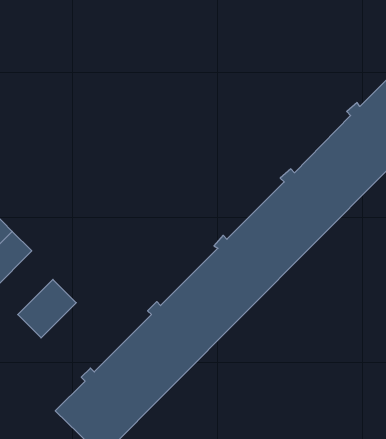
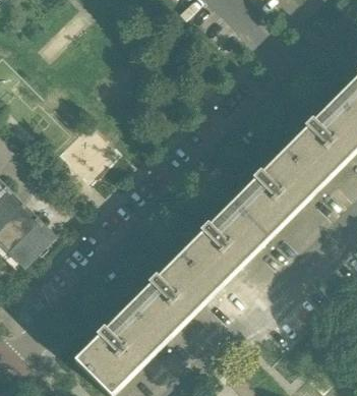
building: [18,279,76,338] -> none

